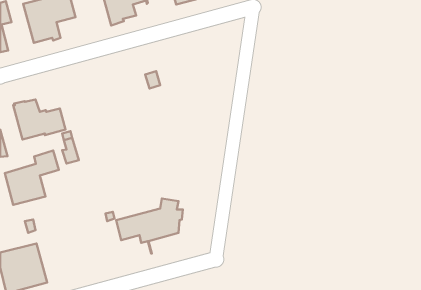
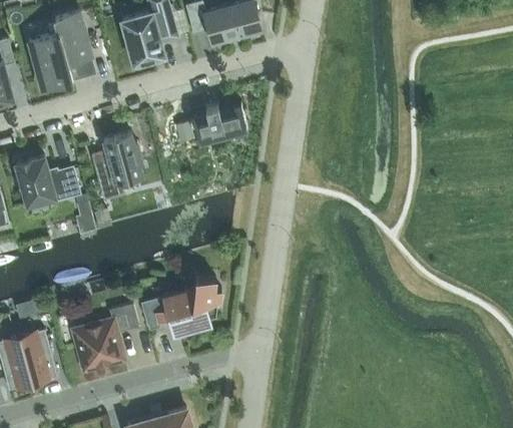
building: none -> [191,102,246,138]
building: none -> [91,132,142,199]
building: [5,151,59,205] -> [74,304,139,369]

